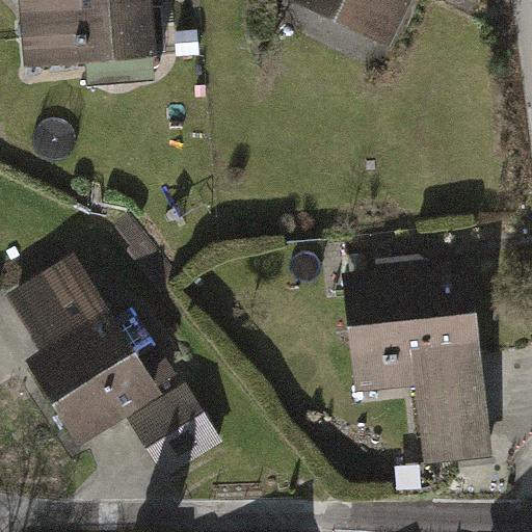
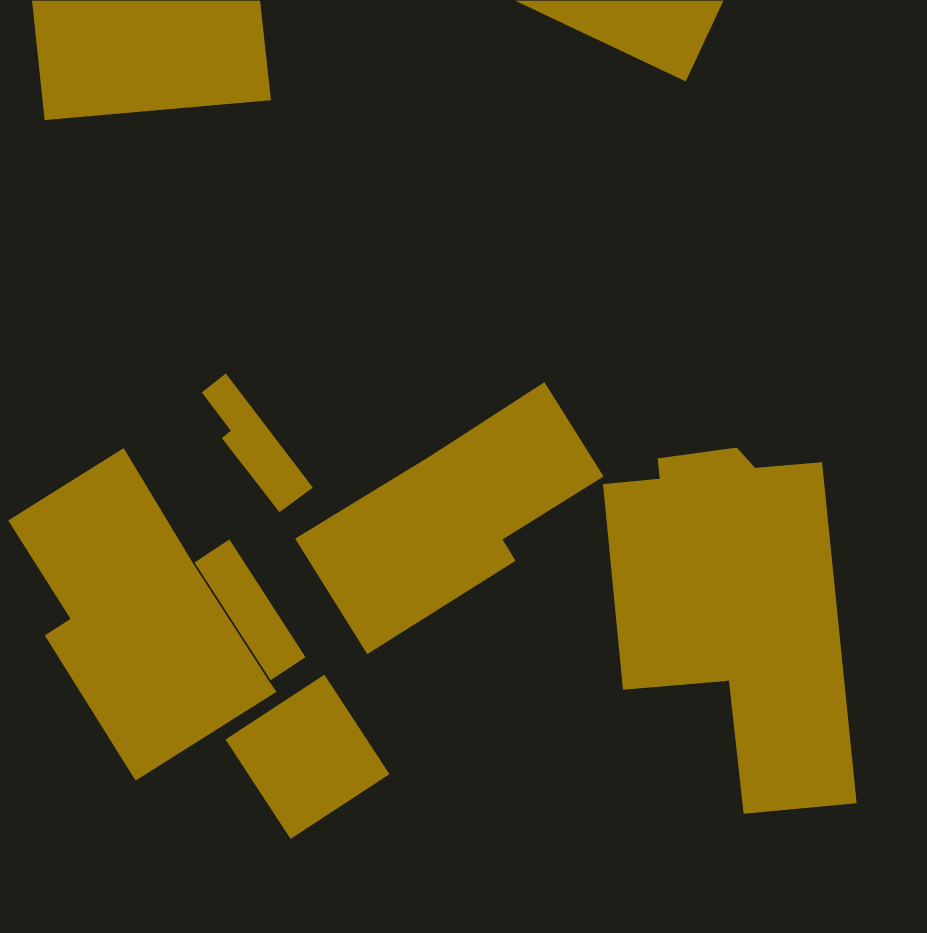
building: none -> [294,381,604,655]

